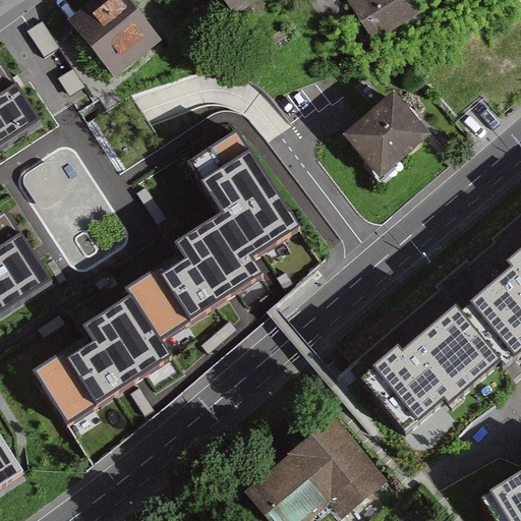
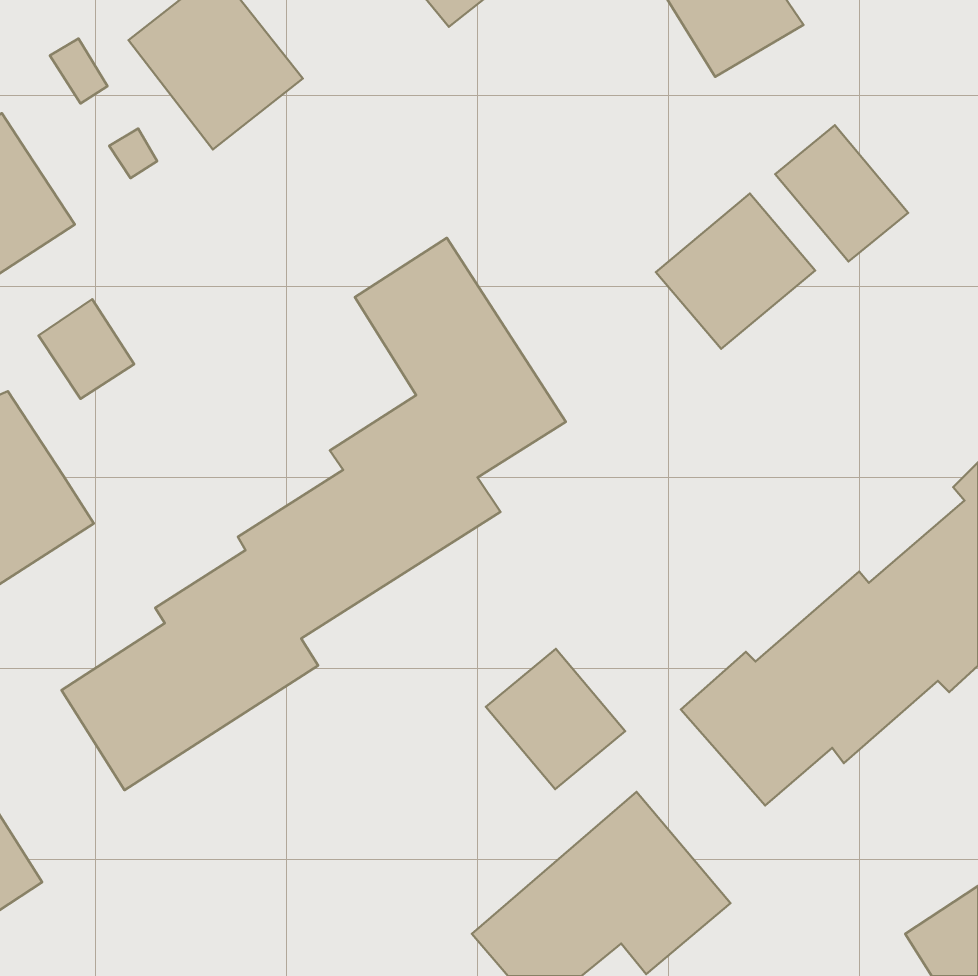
building: none -> [775,125,908,262]
building: none -> [486,649,625,789]

